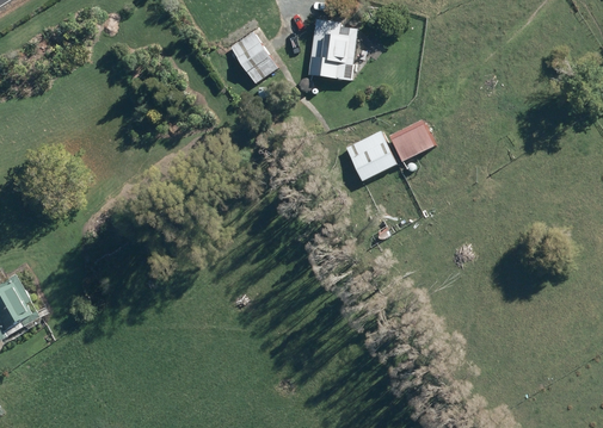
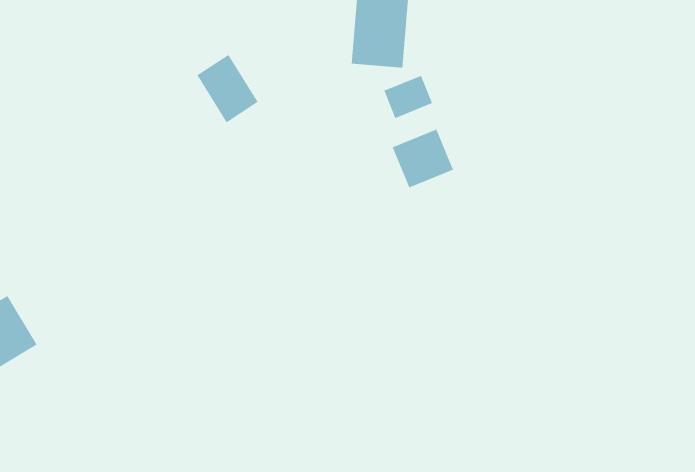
building: [228,29,281,87] -> [196,54,259,123]
building: [389,125,431,162] -> [383,75,433,119]

